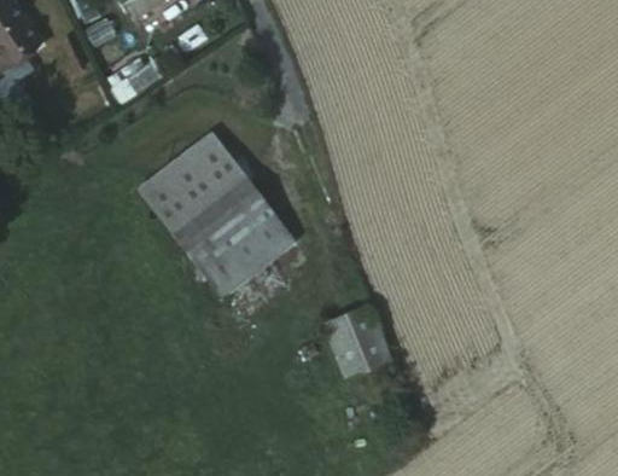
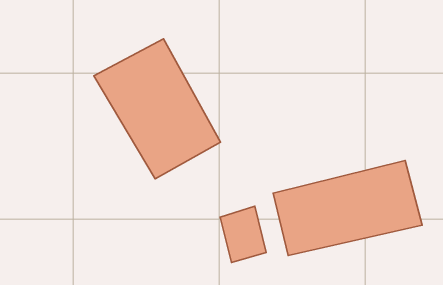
building: none -> [273,160,422,255]

